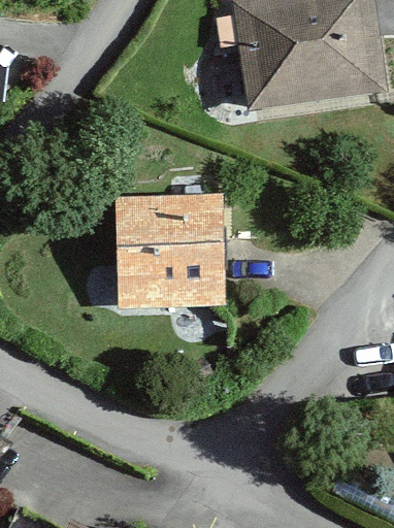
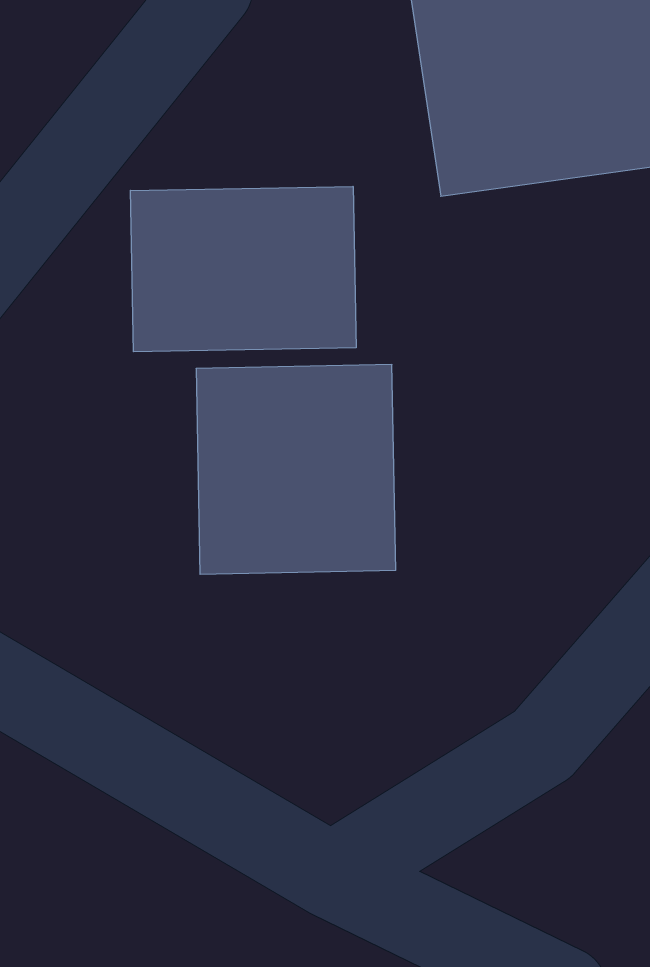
building: none -> [130,186,356,352]

